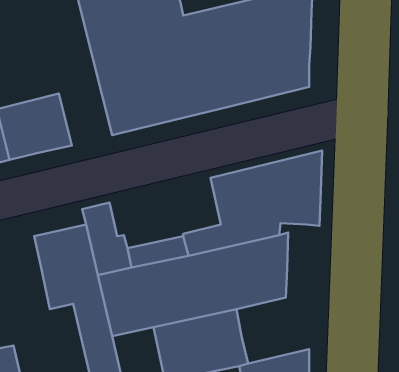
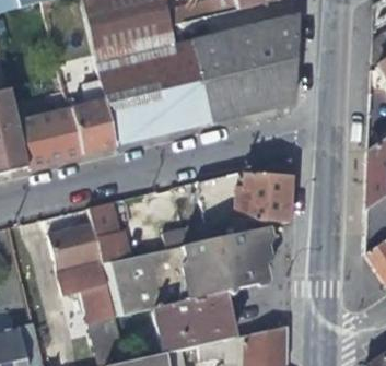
building: none -> [71,80,116,154]

